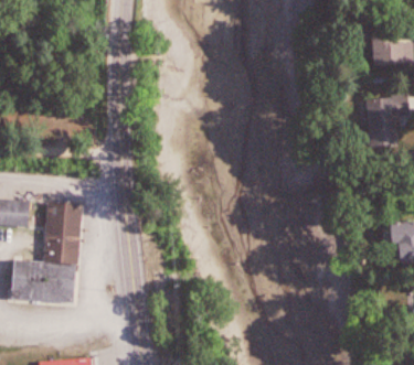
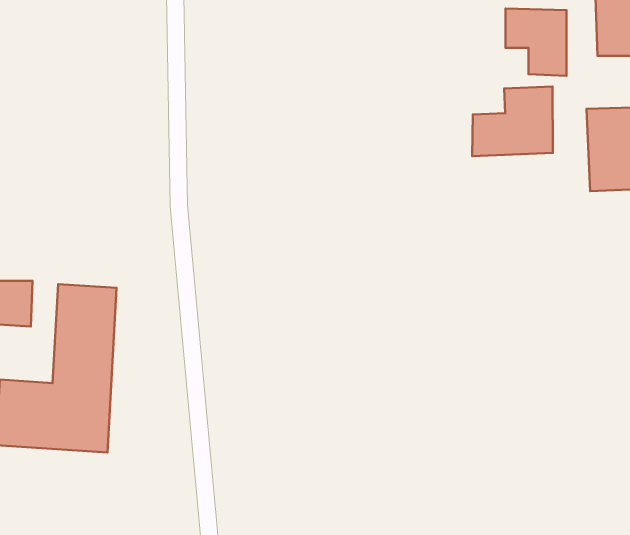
building: none -> [506,8,567,76]
building: none -> [472,87,553,156]

